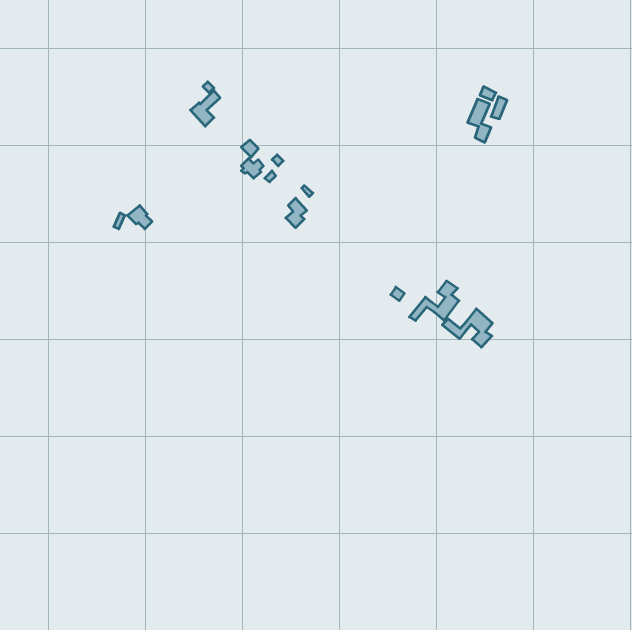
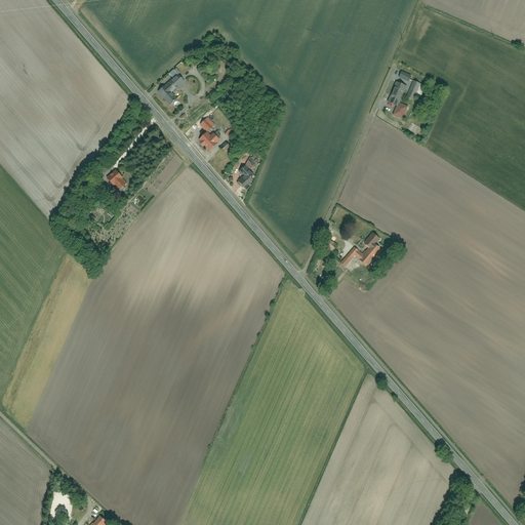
building: [442,309,492,347] -> none

